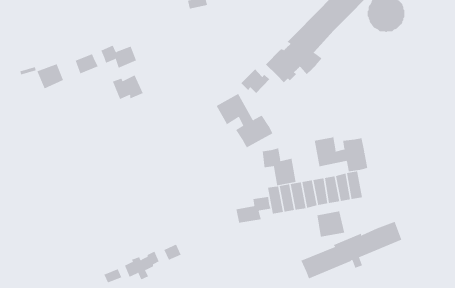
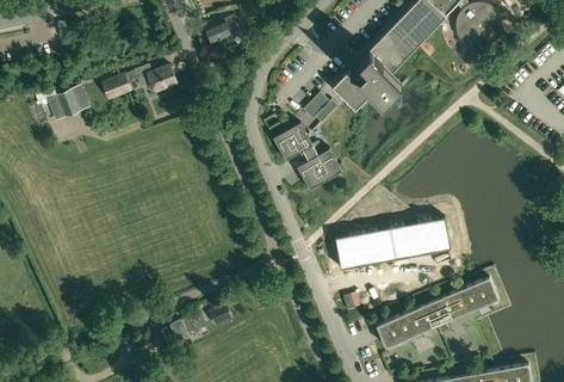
building: none -> [206,16,241,43]
building: [112,74,143,100] -> none
building: [314,135,368,172] -> none
building: [262,148,296,186] -> none
building: [236,196,271,224] -> none
building: [317,211,345,237] -> none

